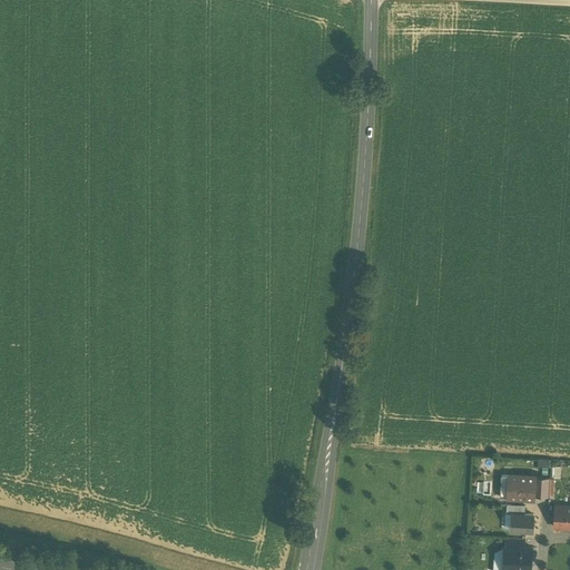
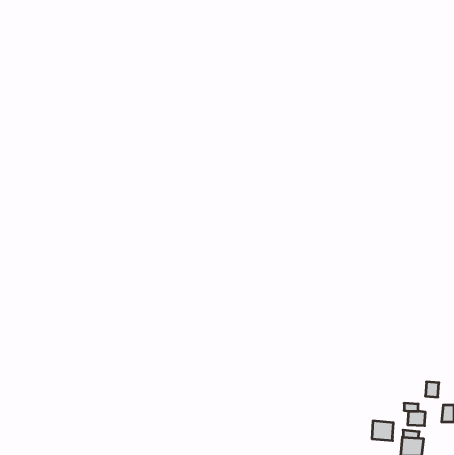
building: [505,475,532,500] -> [372,421,393,441]

